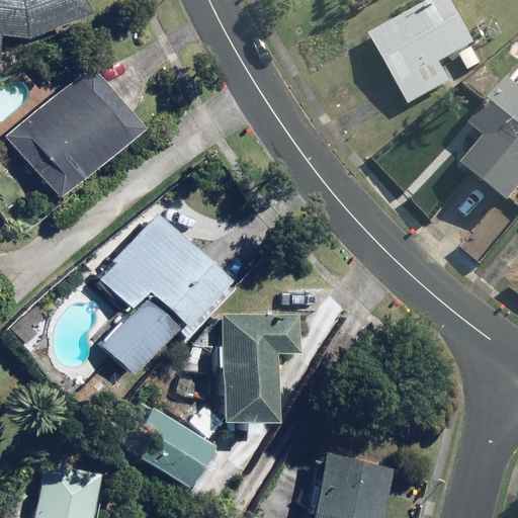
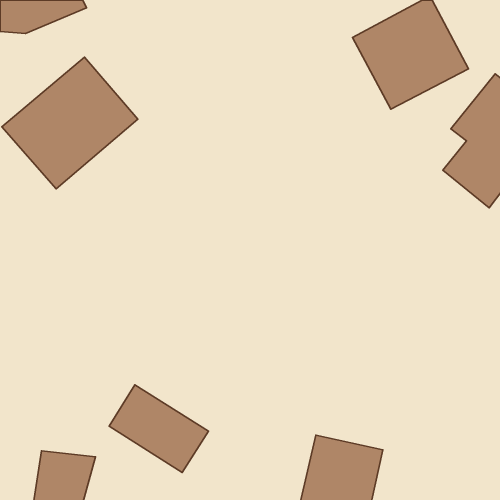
building: [96,211,234,327] -> none
building: [102,297,179,375] -> none
building: [223,312,300,431] -> none

